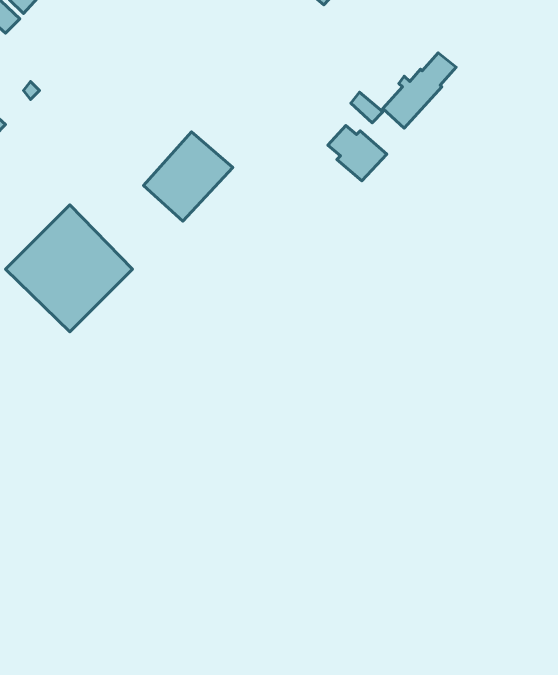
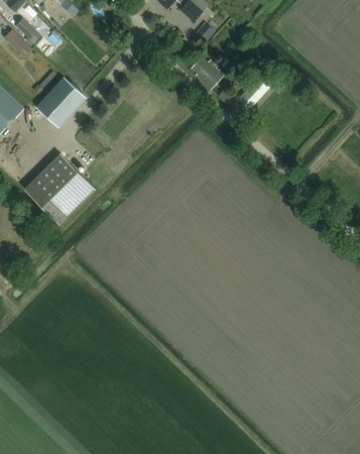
building: [328,125,387,181] -> [192,55,225,87]
building: [143,132,233,221] -> [35,78,86,128]

